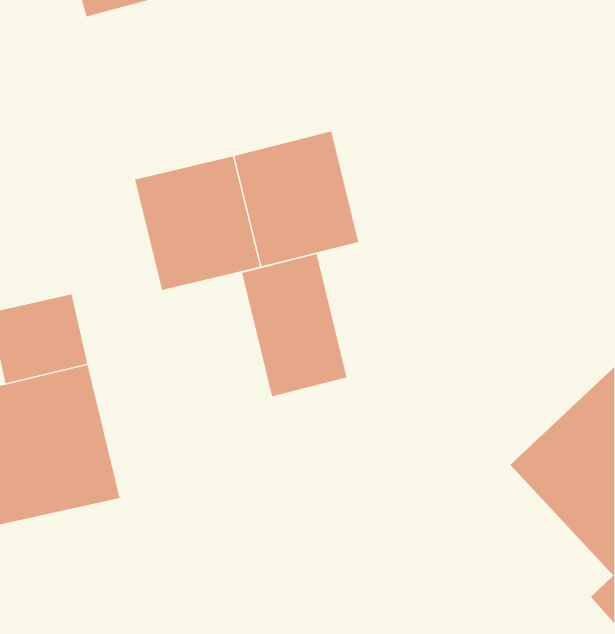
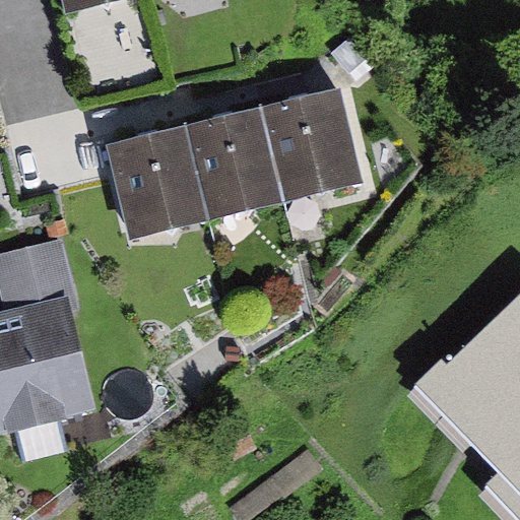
building: none -> [271,87,374,198]
building: [241,253,348,397] -> none

